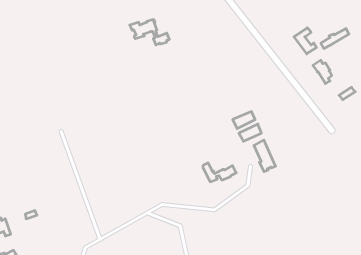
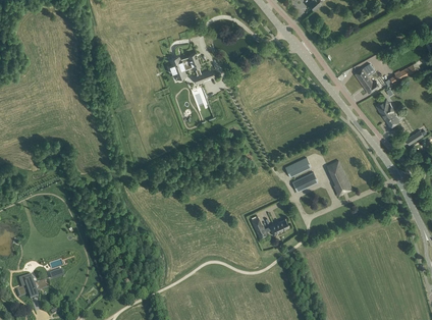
building: [254,140,276,172] -> [327,159,352,195]

